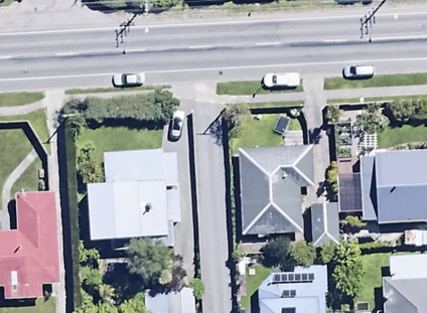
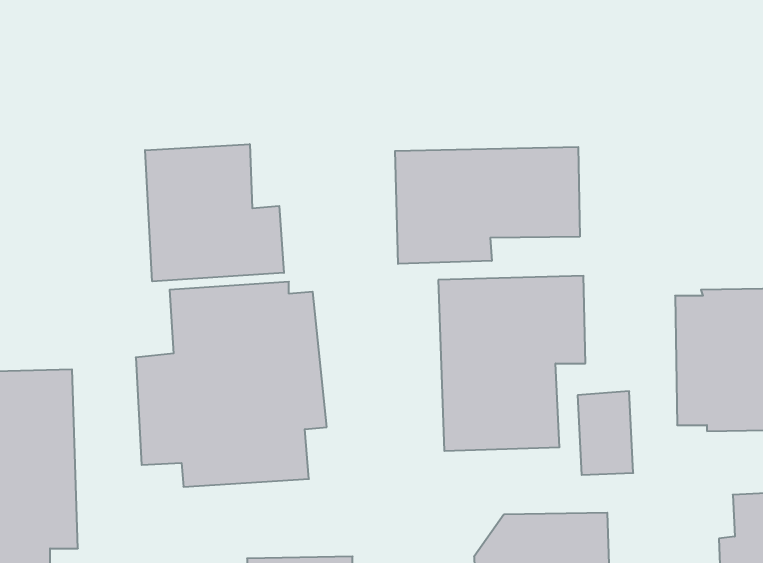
building: none -> [145,144,284,281]
building: none -> [395,147,580,264]

